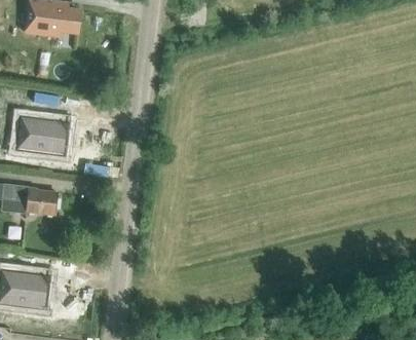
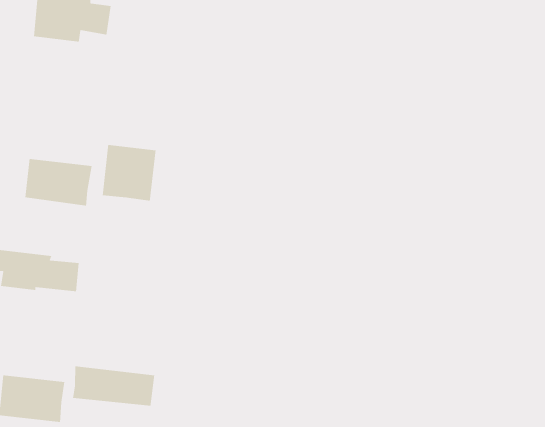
building: none -> [102,144,156,201]
building: none -> [72,366,155,406]

